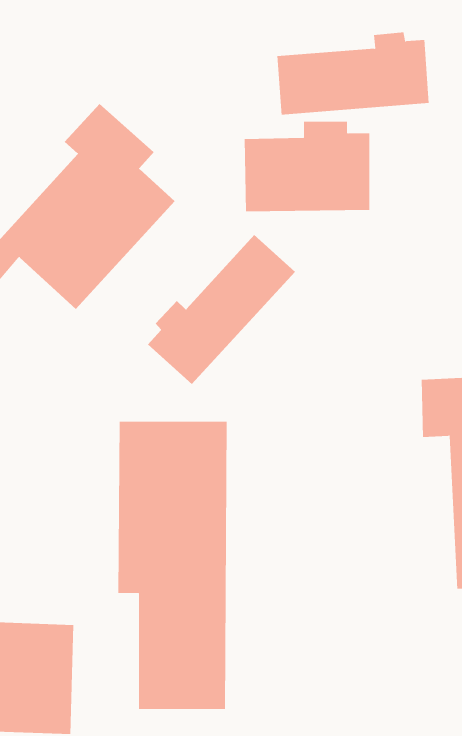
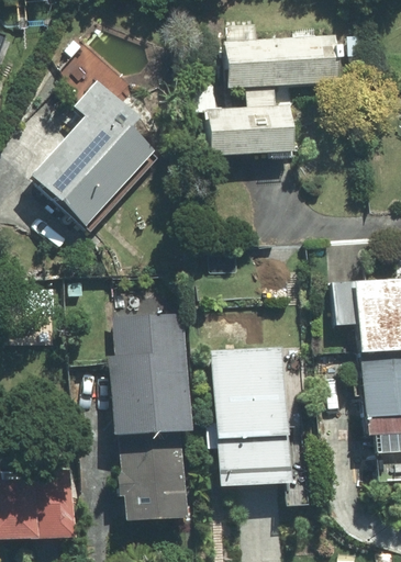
building: [147,234,296,385] -> none
building: none -> [211,346,313,507]

